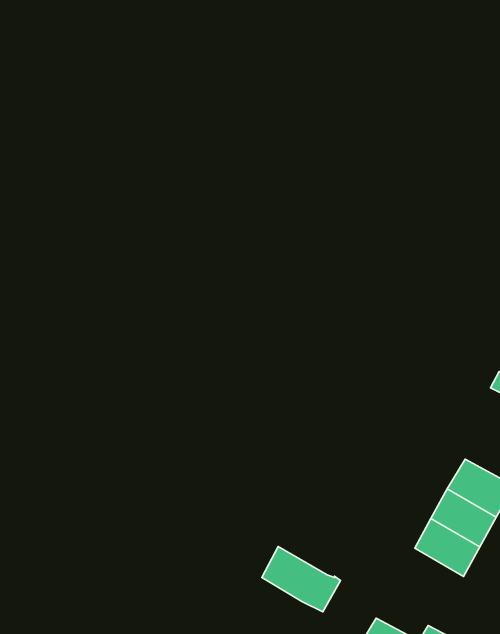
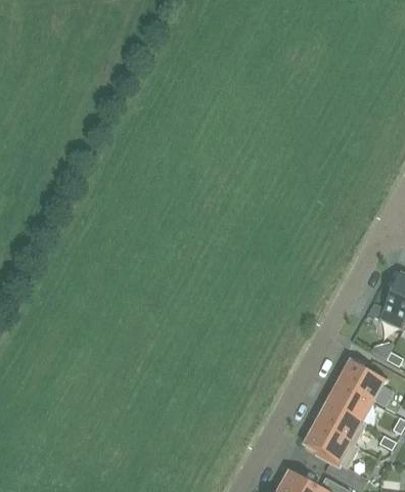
building: [262,546,341,612] -> [305,422,359,467]

